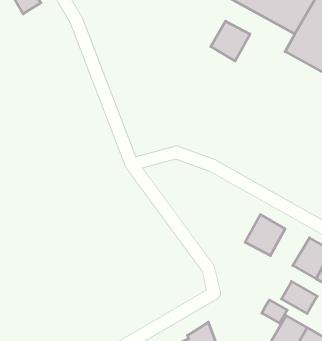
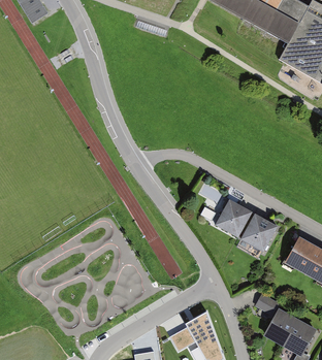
building: [211,21,250,61] -> none
building: none -> [215,198,252,236]
building: [281,281,317,314] -> none

